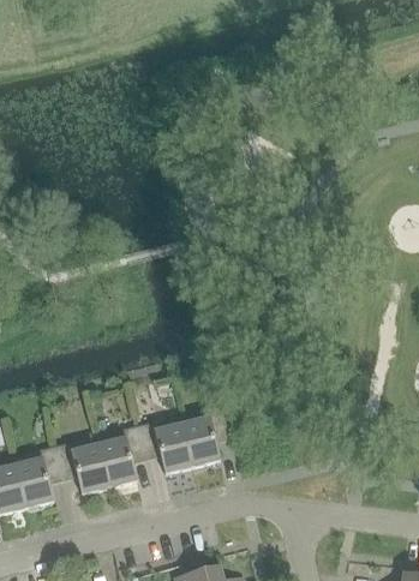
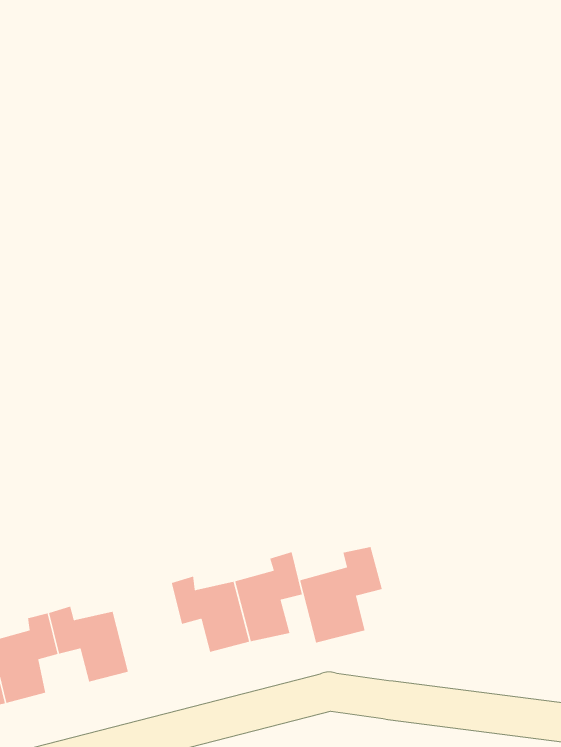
building: none -> [299,546,383,643]
building: [98,424,145,485] -> none

